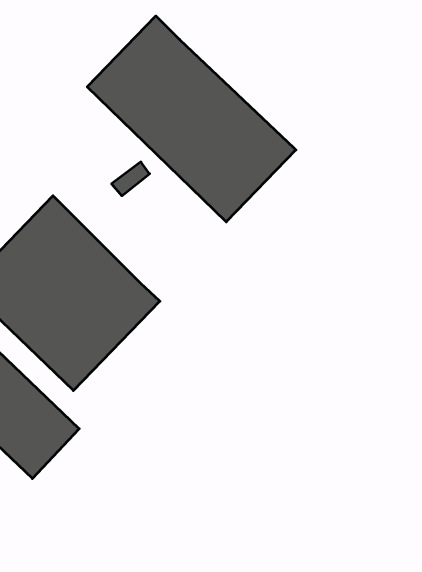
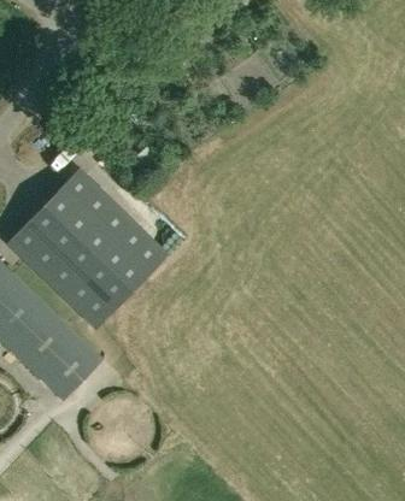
building: [87,16,296,222] -> none

